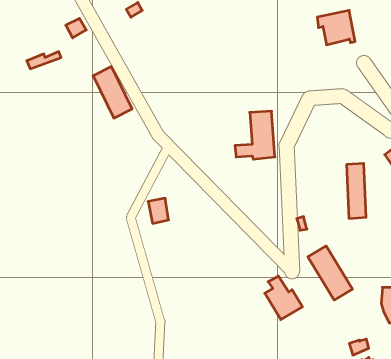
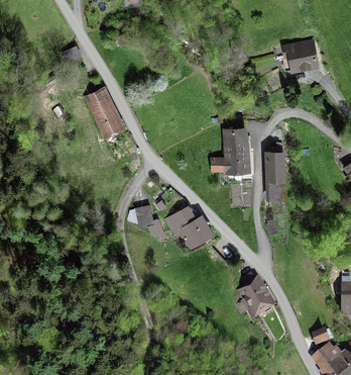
building: [347,163,366,218] -> [267,151,284,199]
building: none -> [165,209,211,246]
building: [308,246,352,300] -> none

